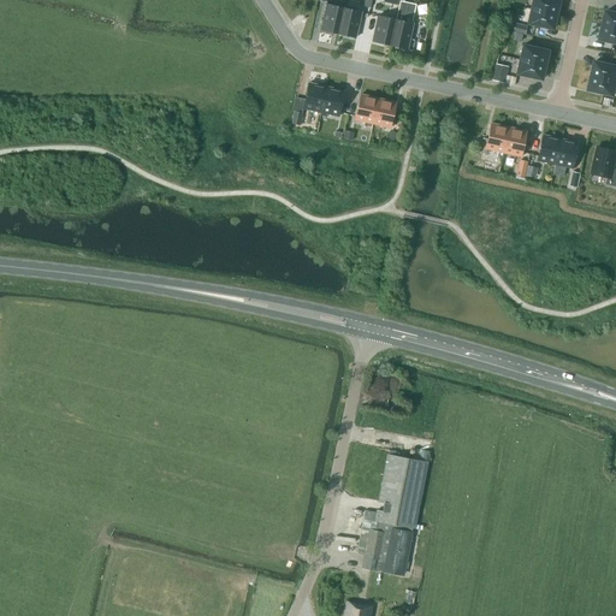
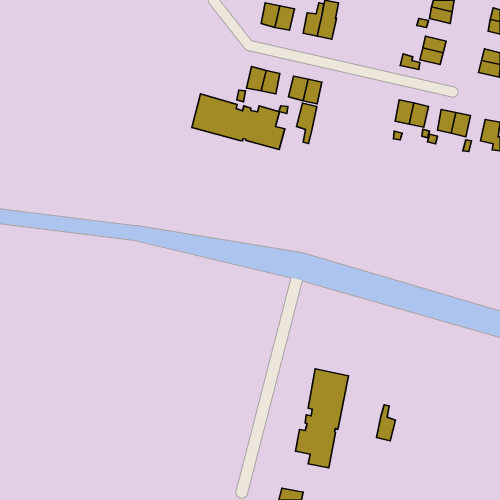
building: none -> [192,94,285,150]
building: none -> [297,103,317,143]
building: none -> [376,405,396,441]

